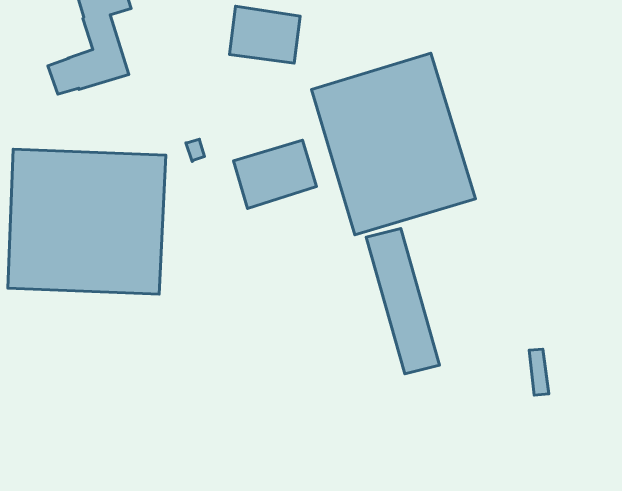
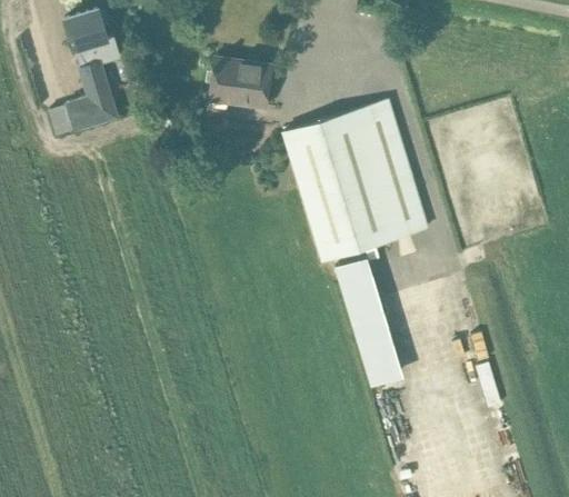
building: [234,140,316,208] -> none
building: [8,149,166,294] -> none

